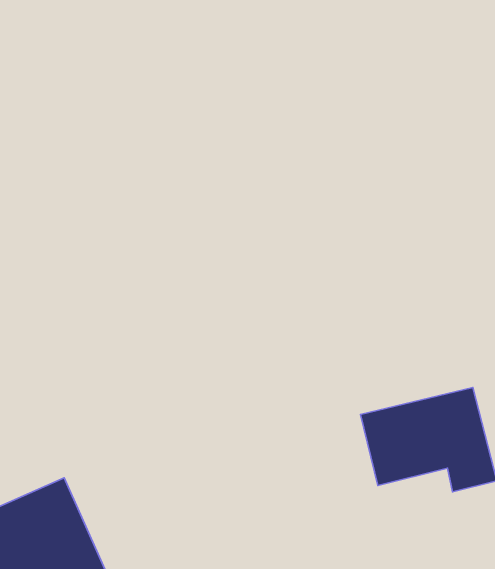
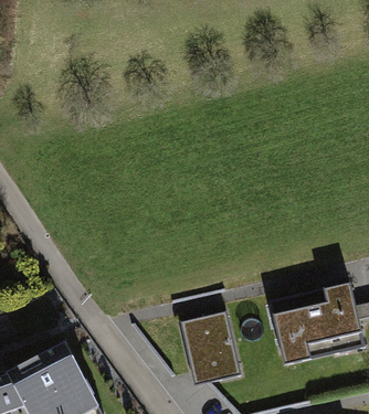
building: none -> [183,314,242,384]

